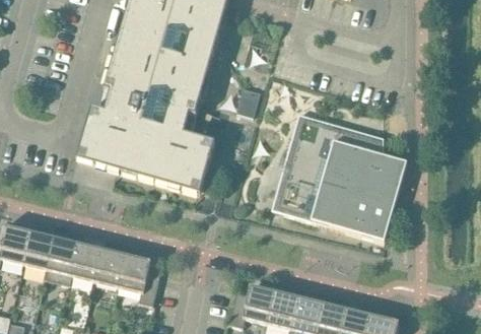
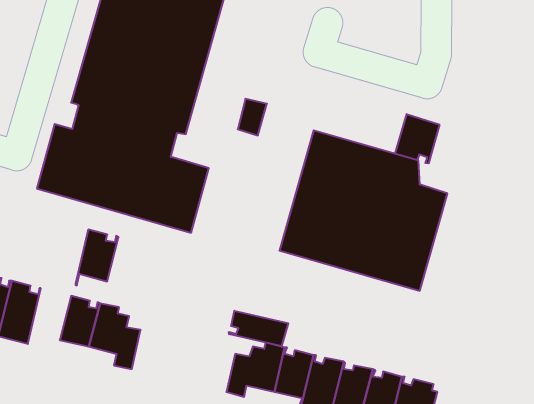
building: none -> [395,114,439,163]
building: [69,239,104,283] -> [76,230,119,285]
building: none -> [229,311,288,346]

